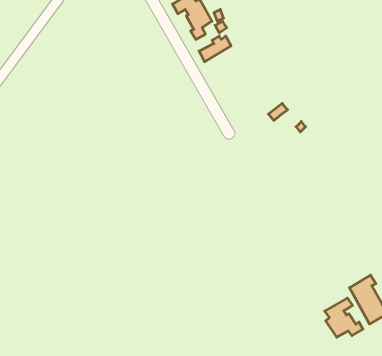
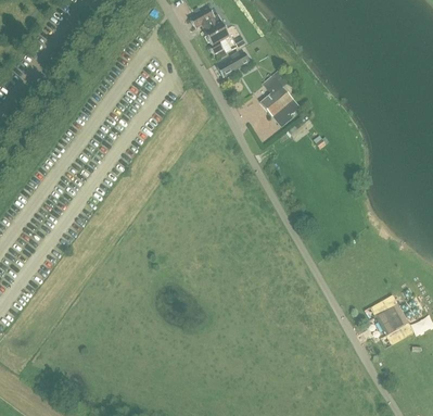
building: none -> [260,71,300,125]
building: [325,298,363,337] -> none

